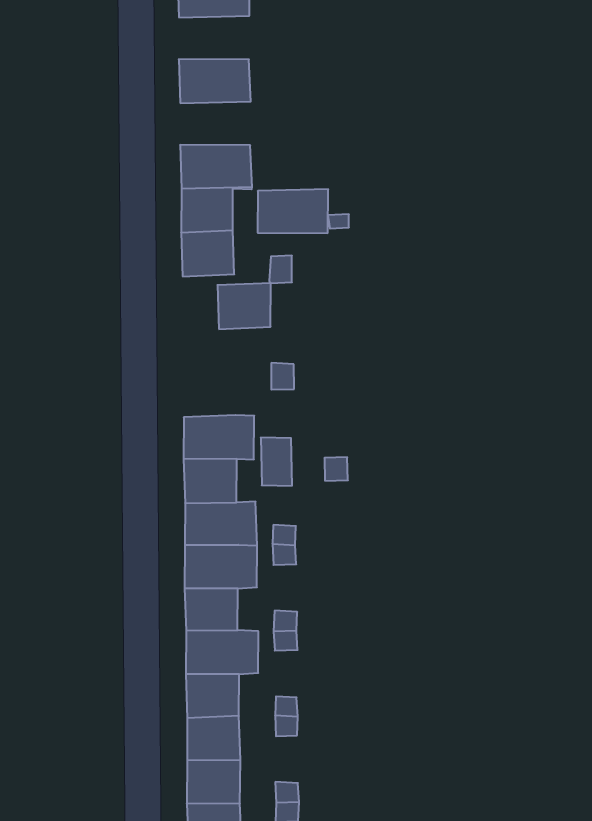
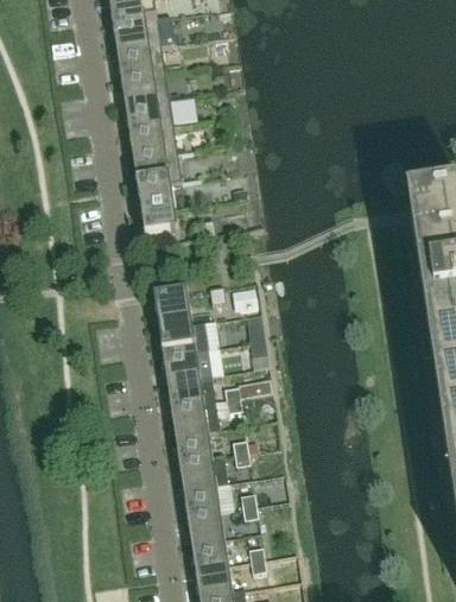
building: none -> [121,70,169,103]
building: [258,189,328,233] -> [129,123,177,157]
building: [217,283,271,329] -> [154,293,191,327]

